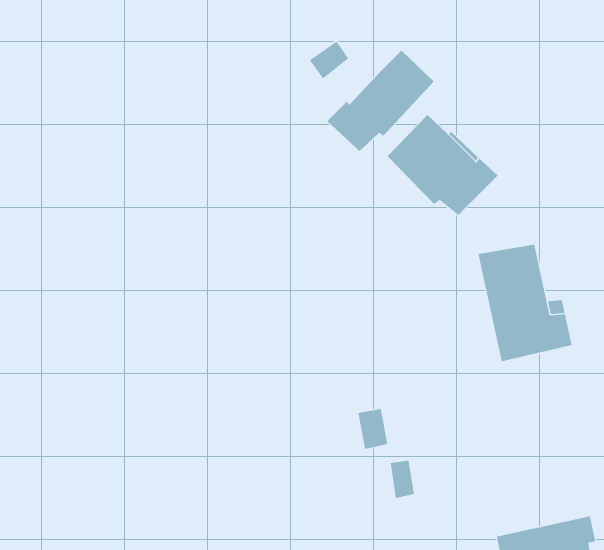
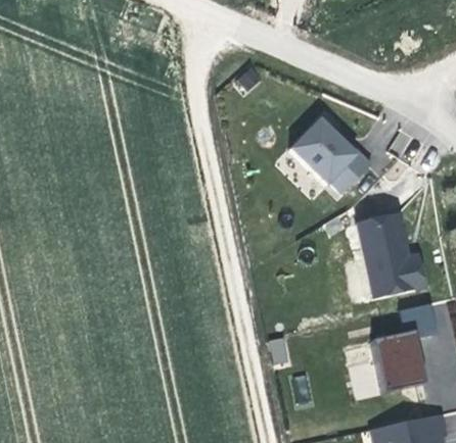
building: [327,50,434,152] -> none
building: none -> [372,304,437,394]

